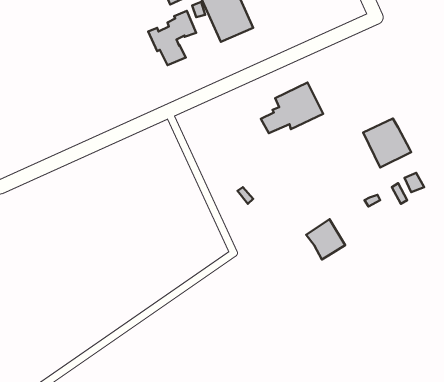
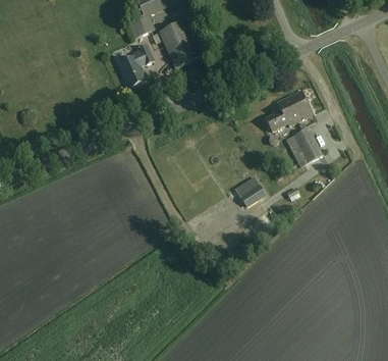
building: [261,83,323,133] -> [264,90,313,130]
building: [306,219,345,259] -> [235,174,266,206]

